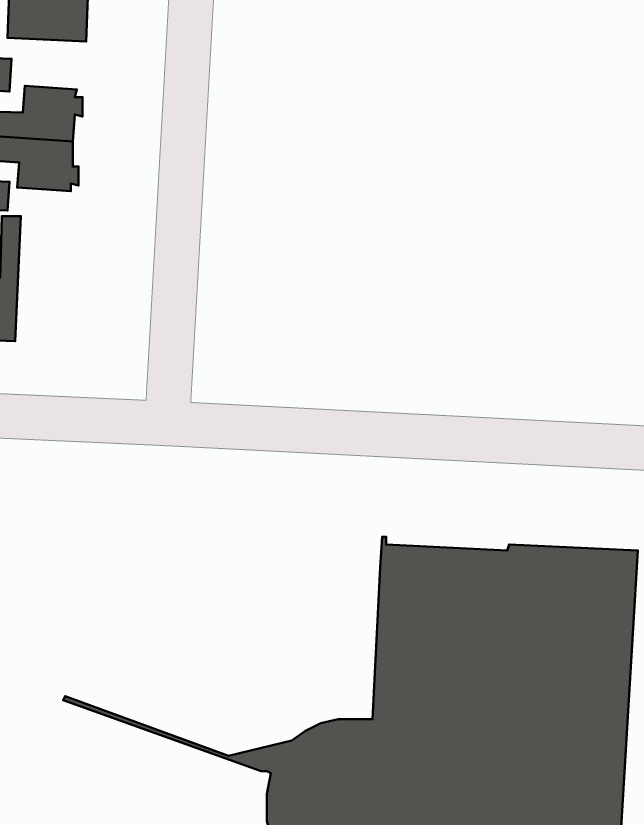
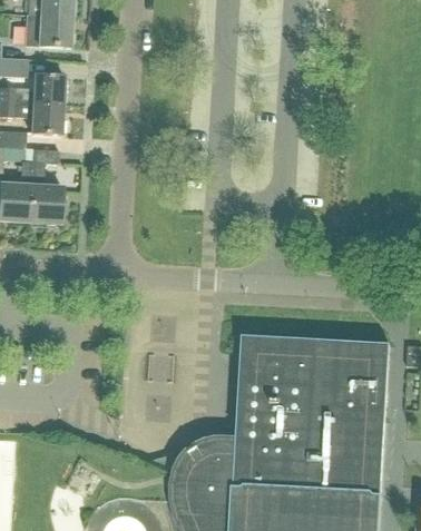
building: none -> [28,149,61,224]

